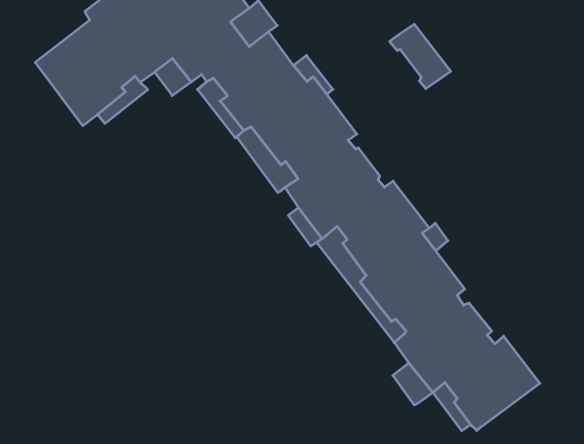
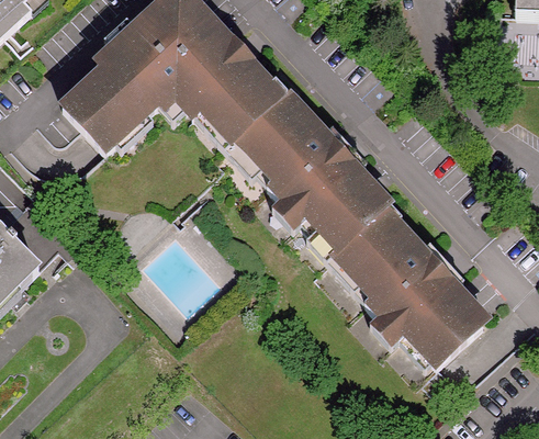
building: [390,24,451,89] -> [313,121,363,171]
building: none -> [409,236,461,289]

